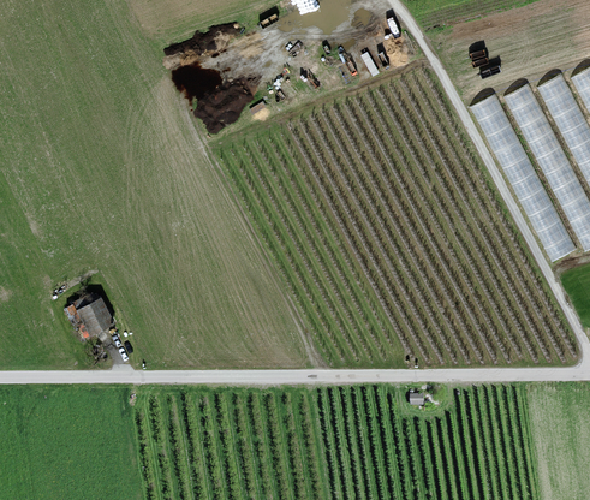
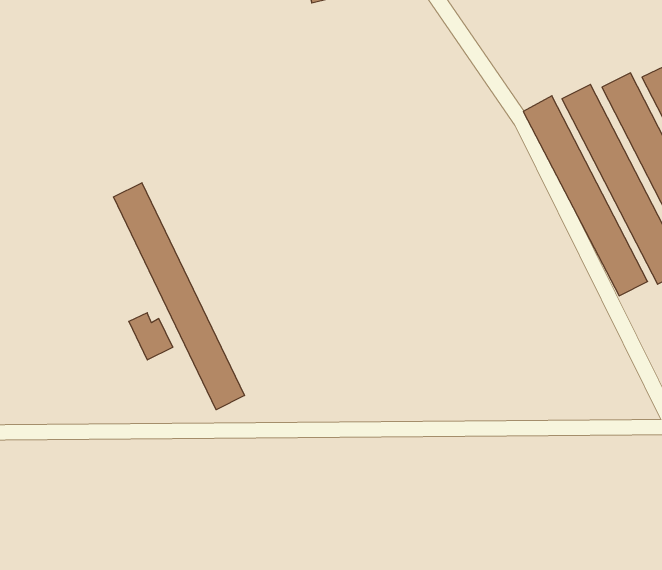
building: none -> [114,183,244,410]
building: [76,294,113,334] -> [129,313,173,360]

